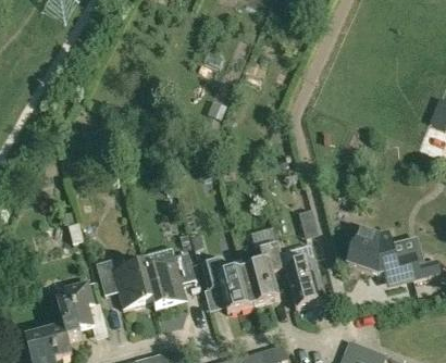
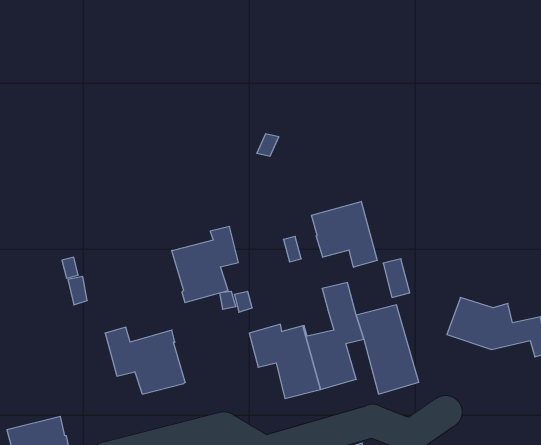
building: none -> [311,201,377,267]
building: [146,252,195,308] -> [172,227,238,302]
building: [55,279,95,338] -> none

